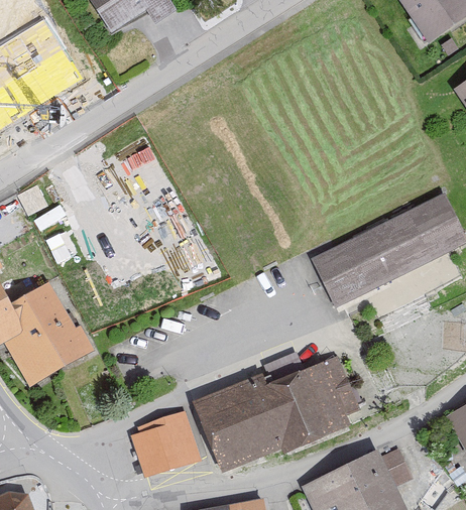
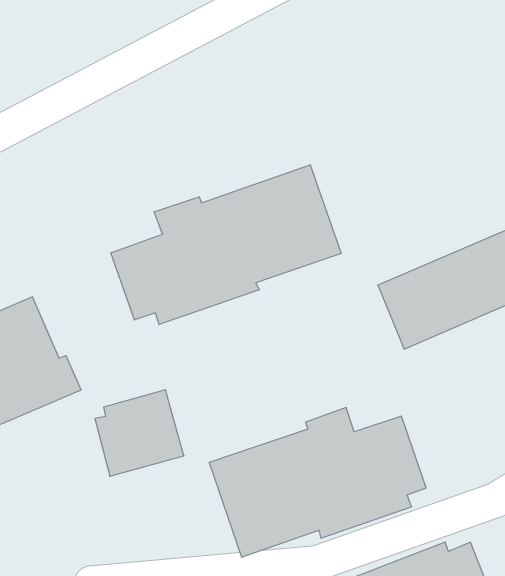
building: none -> [111,165,341,325]
building: [132,410,202,479] -> [95,390,184,476]

